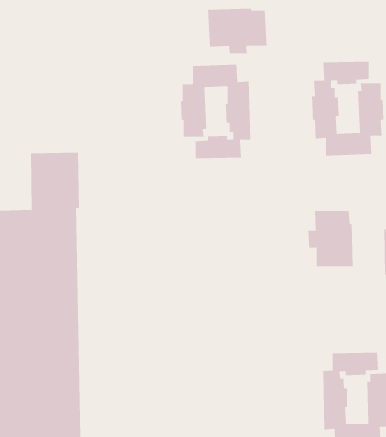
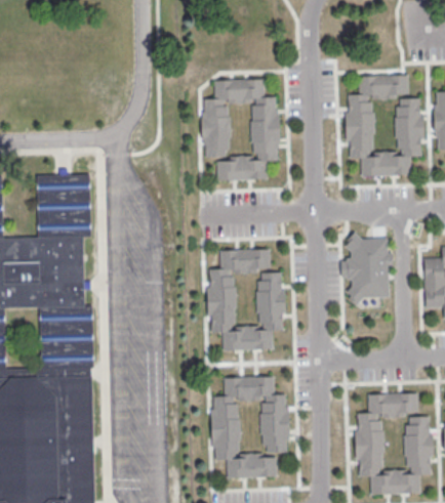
building: [208,8,267,54] -> none
building: none -> [207,249,286,352]
building: none -> [212,376,289,479]

